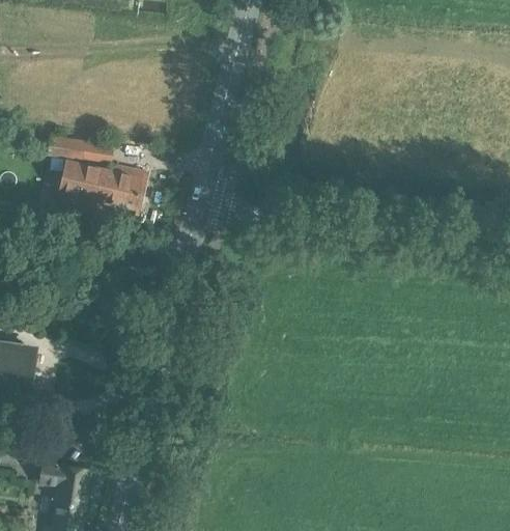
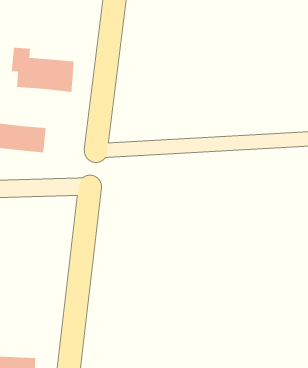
building: none -> [11,47,75,93]

